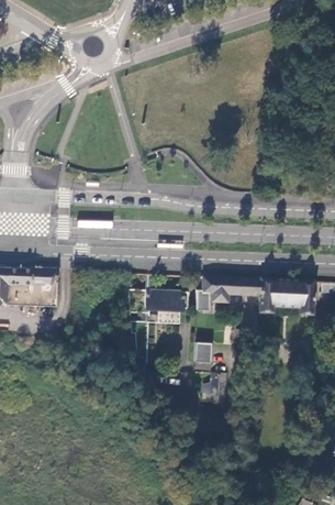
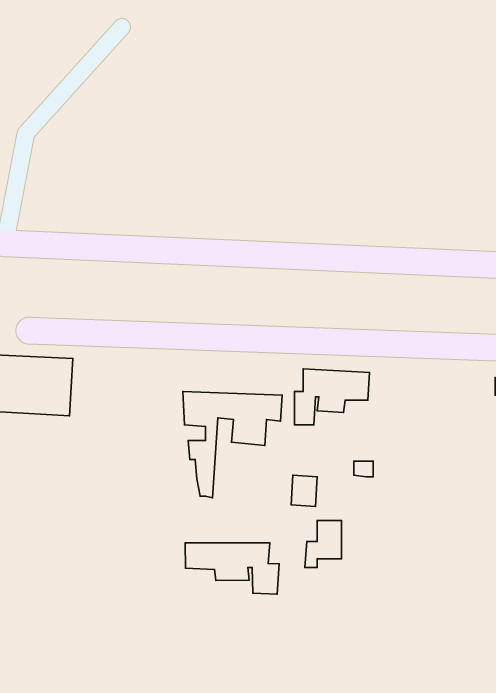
building: [244,277,314,315] -> none
building: none -> [185,543,279,594]

